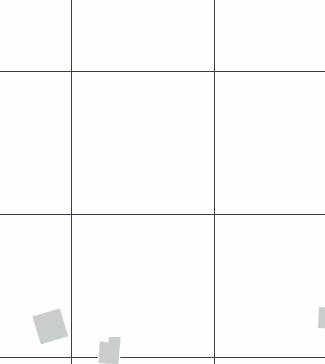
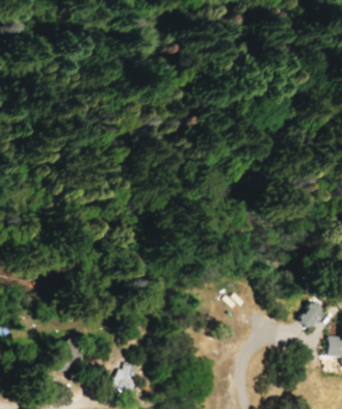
building: none -> [297,301,325,331]

